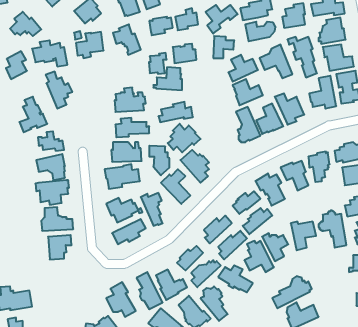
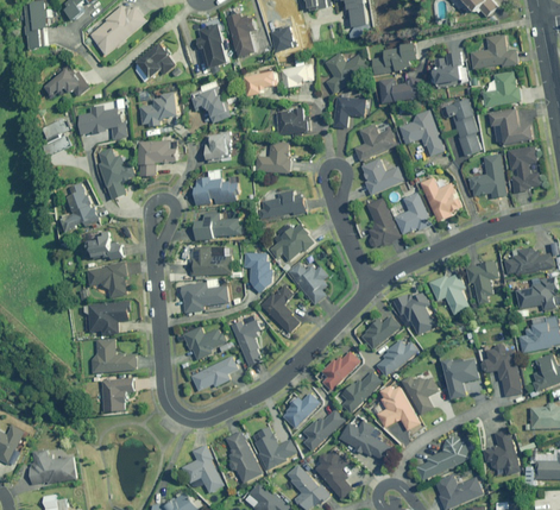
building: [149,53,167,74] -> [206,132,231,162]
building: none -> [137,141,176,177]
building: none -> [483,429,521,474]

